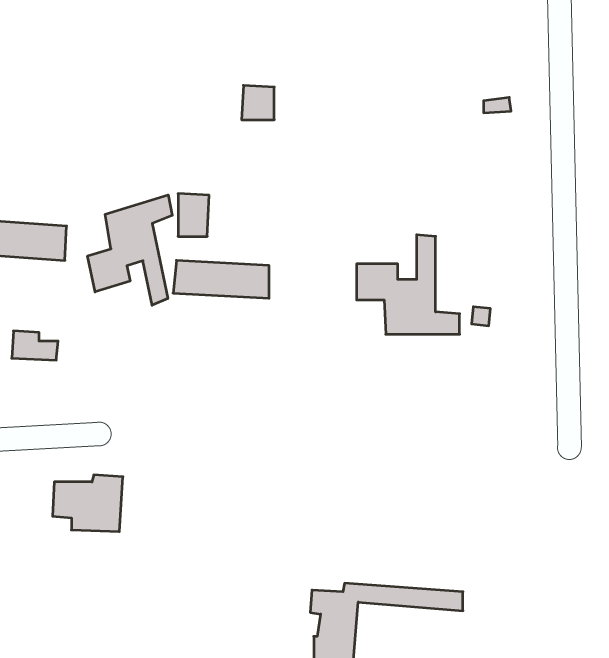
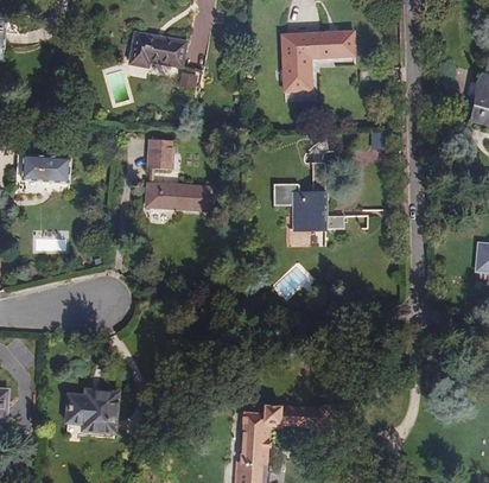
building: none -> [127,32,185,65]
building: none -> [280,32,353,93]
building: [88,195,172,305] -> none
building: [53,475,123,532] -> [68,388,116,427]

